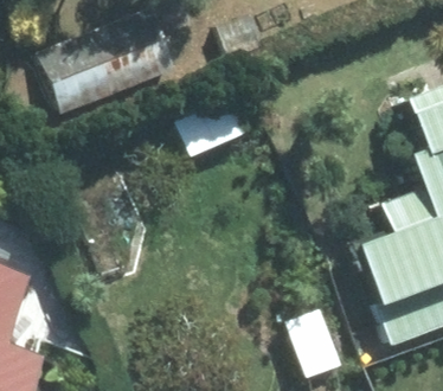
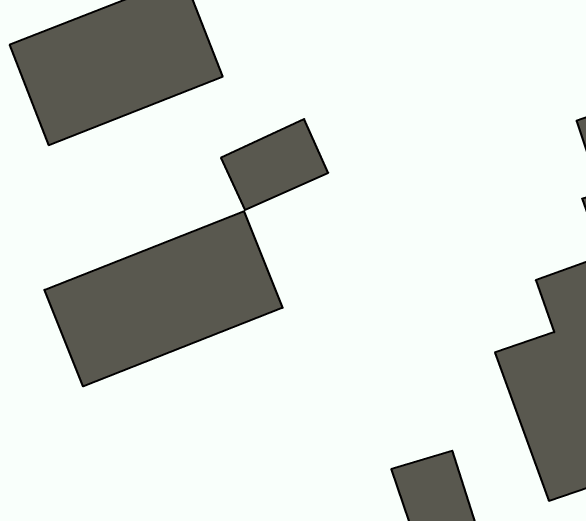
building: none -> [44,211,283,386]

